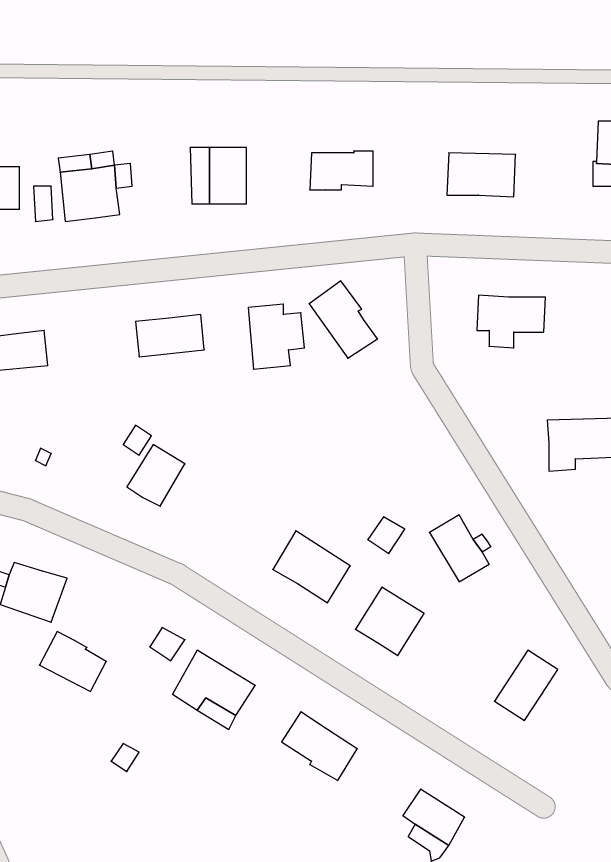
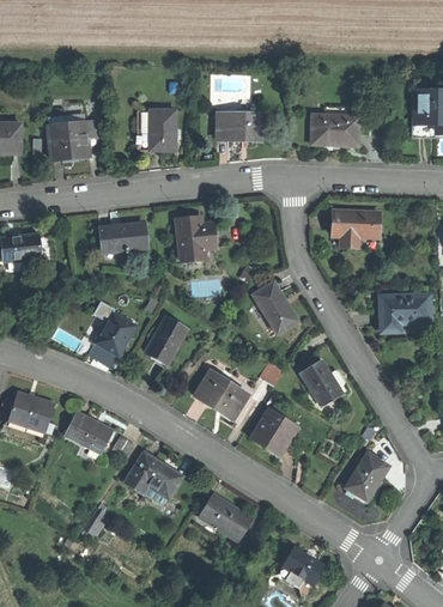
building: [309,281,378,358] -> [250,280,297,333]
building: none -> [145,317,186,363]
building: [39,632,106,691] -> [65,412,110,453]

